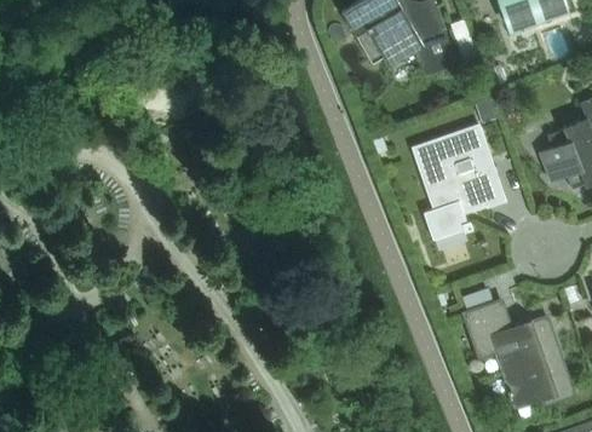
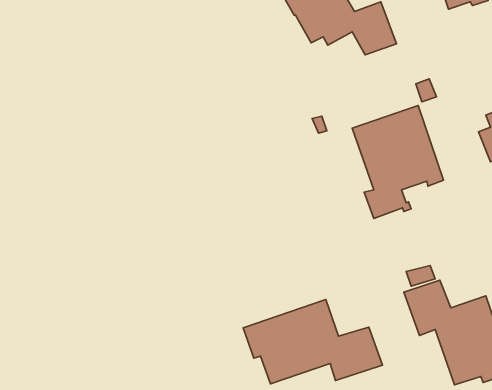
building: none -> [243,299,382,384]

